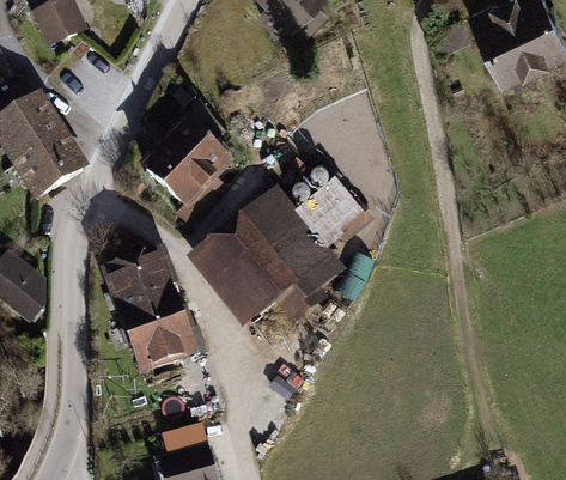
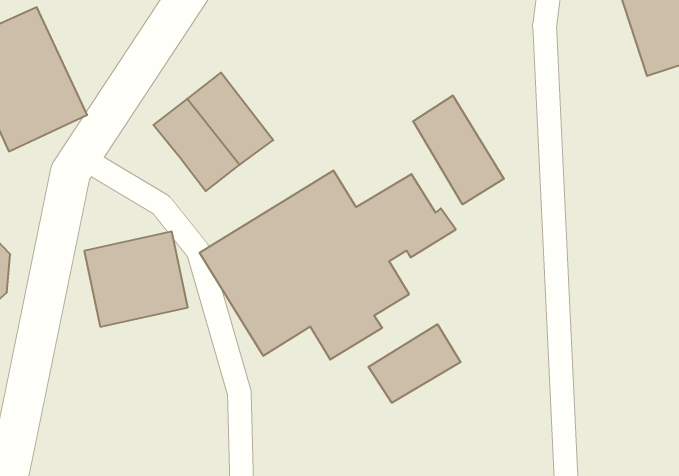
building: none -> [413,95,504,204]
building: none -> [368,324,461,403]
building: [118,300,200,371] -> none

